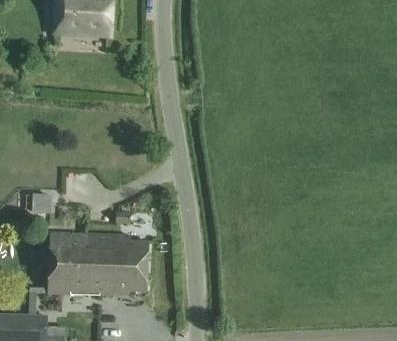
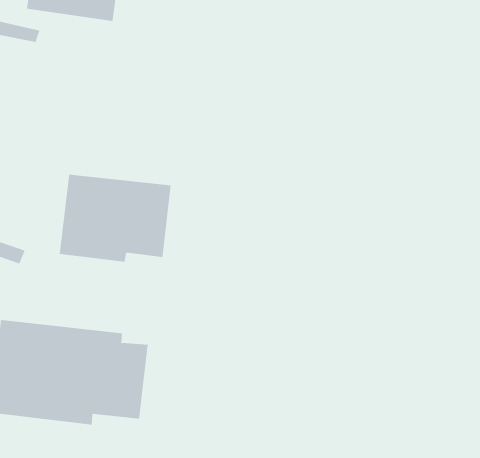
building: none -> [59,174,171,263]

